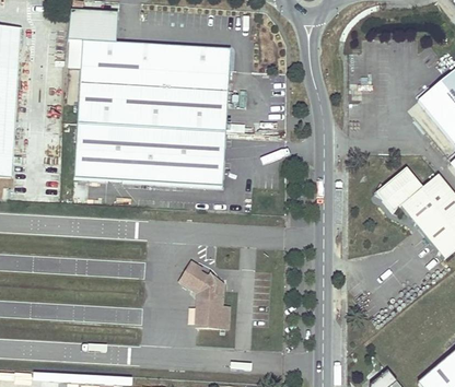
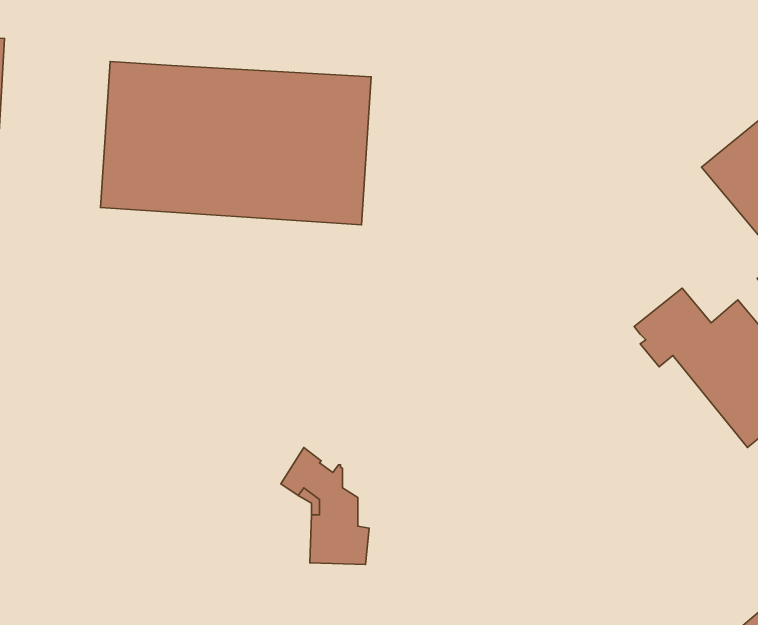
building: [68,10,117,43] -> none
building: [72,124,224,186] -> none

